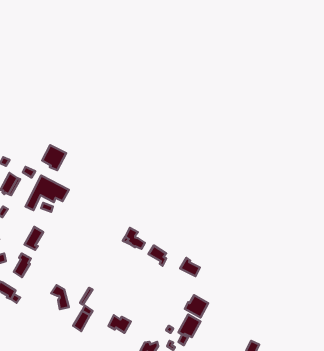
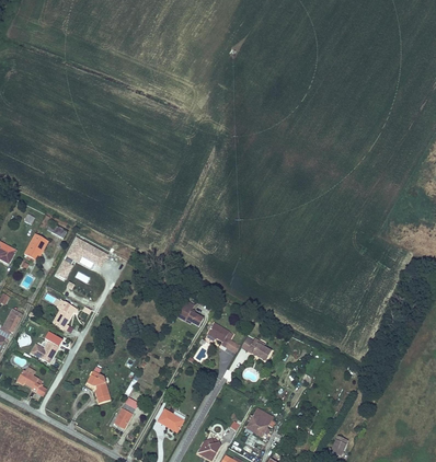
building: [42,145,66,170] -> none
building: [185,295,208,318] -> none

